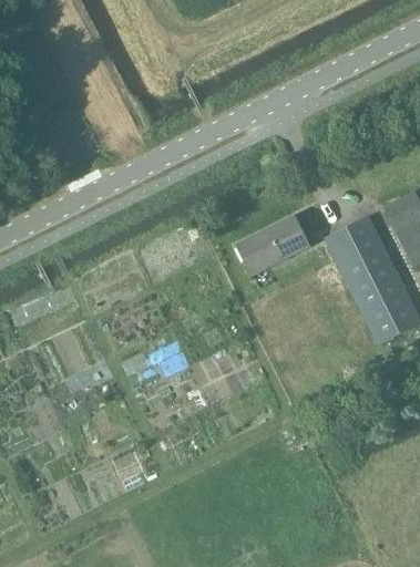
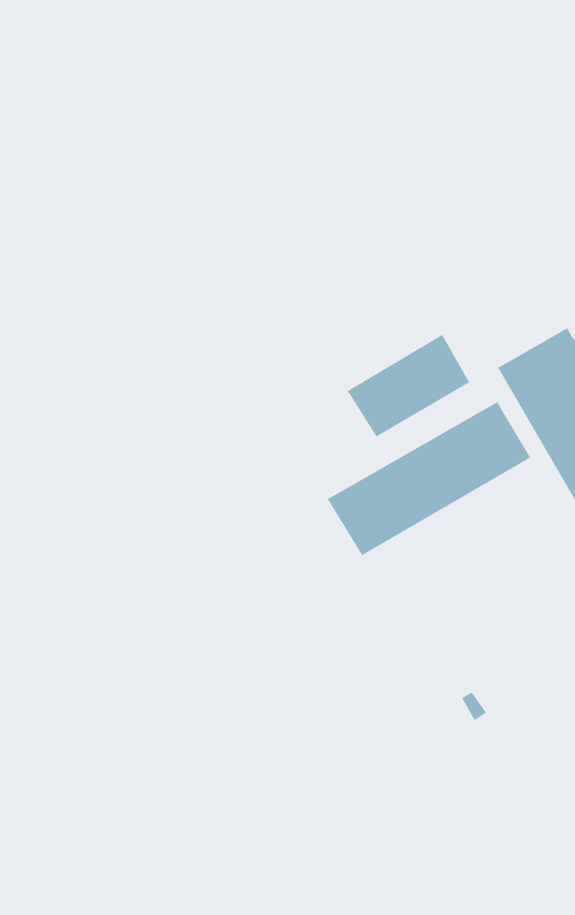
building: none -> [327,401,531,556]

